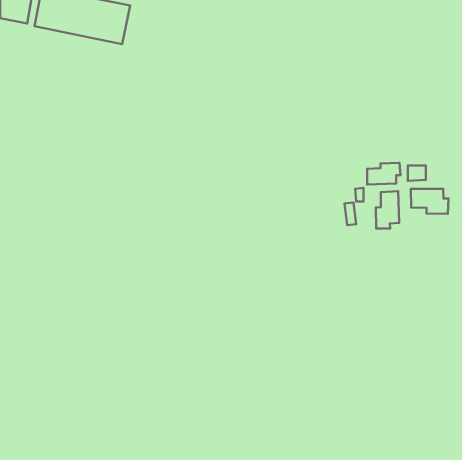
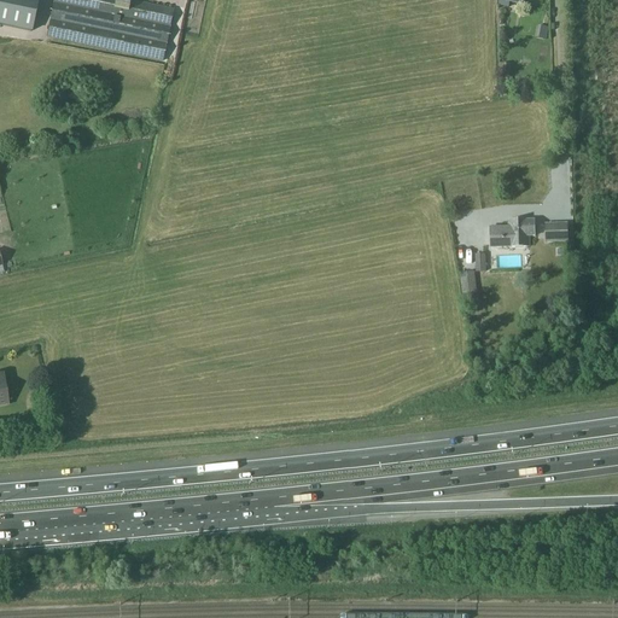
building: [411,189,449,214] -> none
building: [376,191,399,229] -> none

